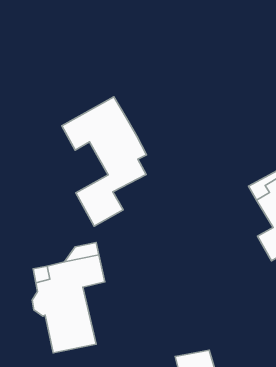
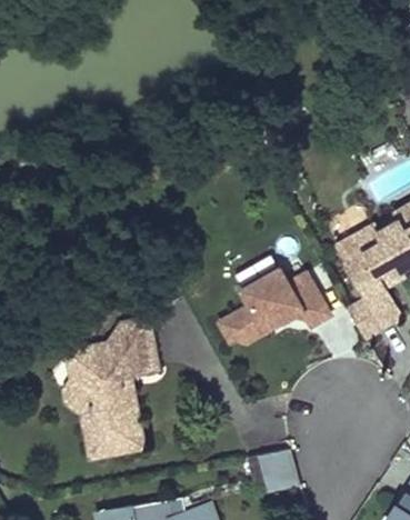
building: [62,97,147,226] -> none
building: none -> [216,279,323,351]

